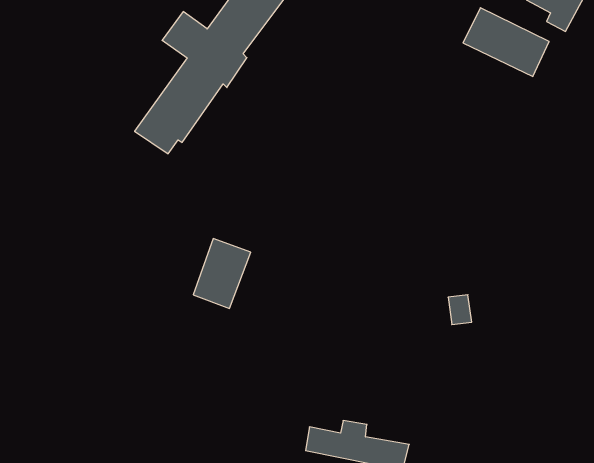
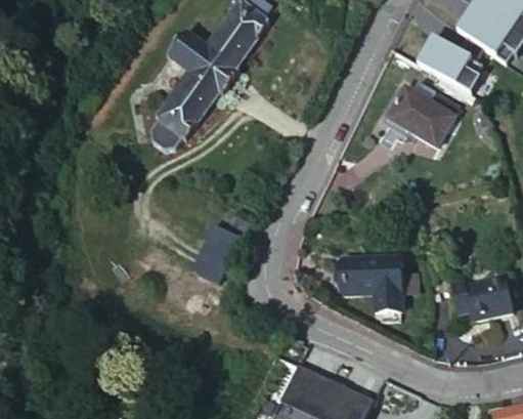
building: none -> [385,81,453,146]
building: none -> [342,258,398,313]
building: none -> [447,276,511,323]

